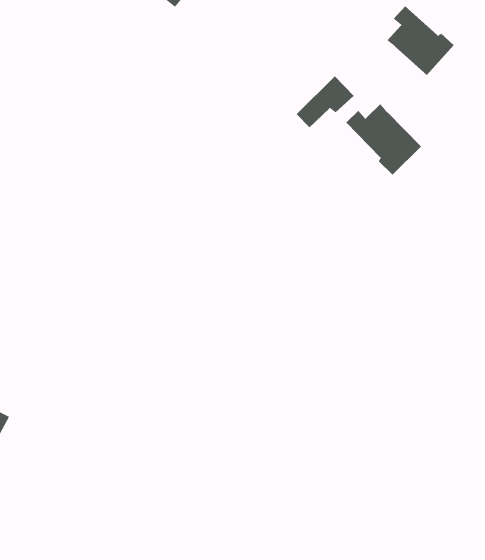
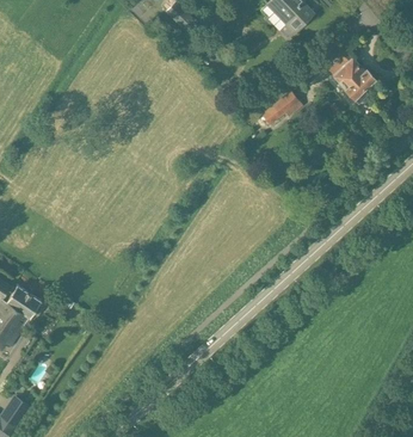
building: [346,103,422,176] -> none

